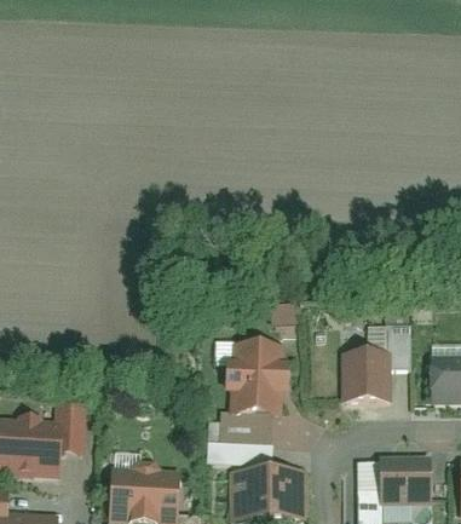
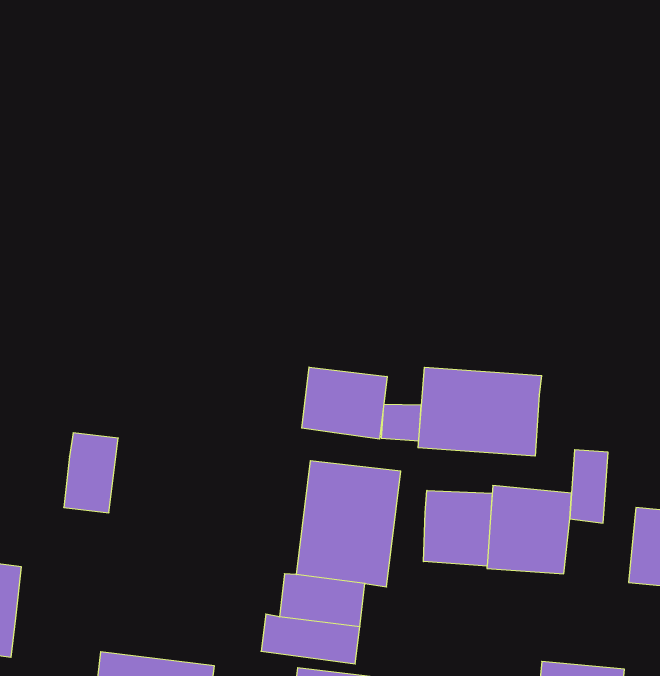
building: none -> [418,367,542,456]
building: none -> [302,367,387,439]
building: none -> [423,490,492,566]
building: [57,405,87,453] -> [64,433,118,513]

